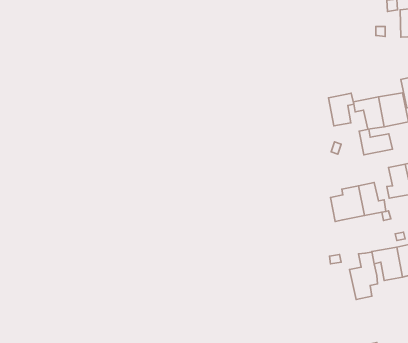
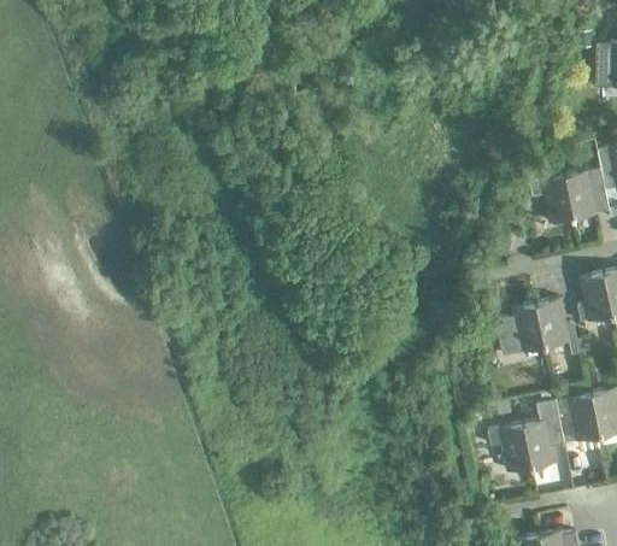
building: [328,93,354,126] -> none
building: [359,129,393,155] -> none
building: none -> [489,427,535,475]

